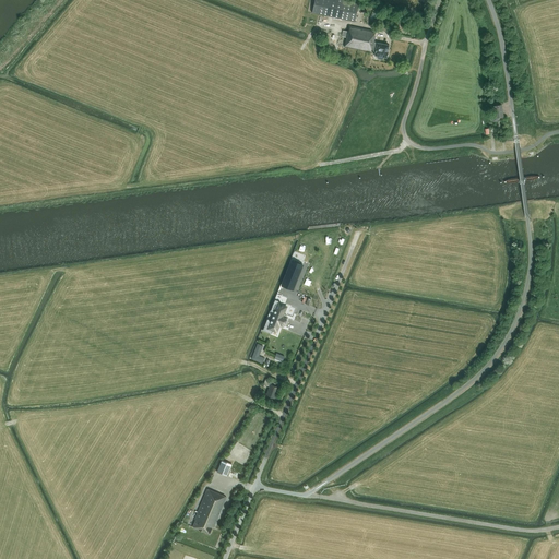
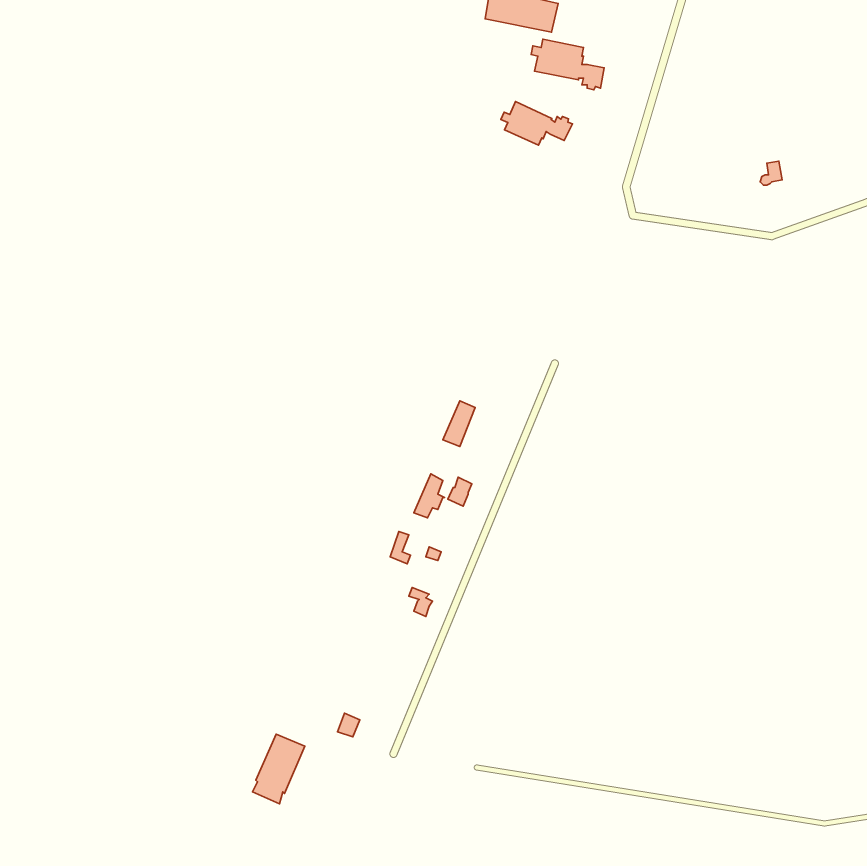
building: none -> [501,101,572,145]
building: [192,488,226,533] -> [252,734,305,804]

